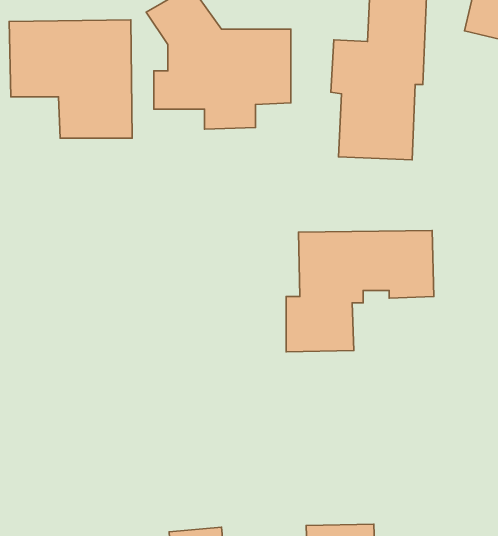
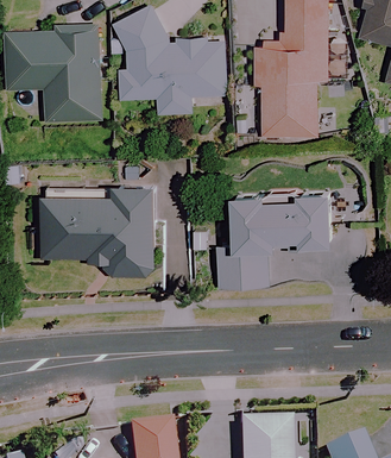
building: none -> [51,182,158,274]

